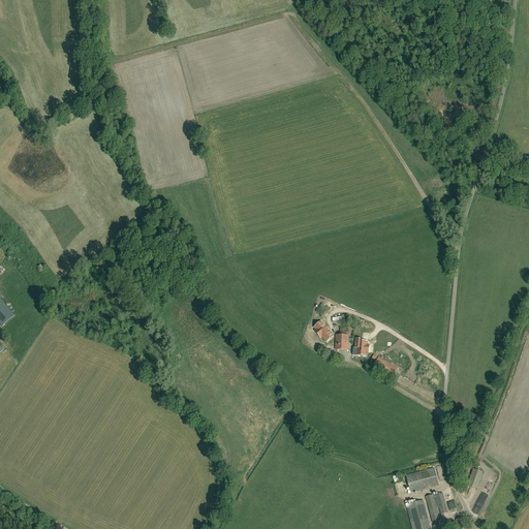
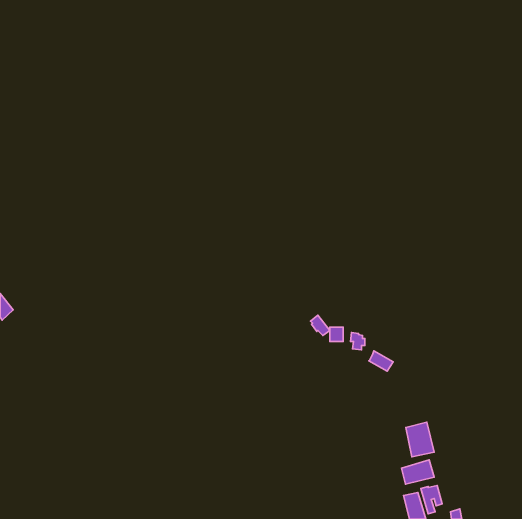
building: none -> [406,422,434,457]

